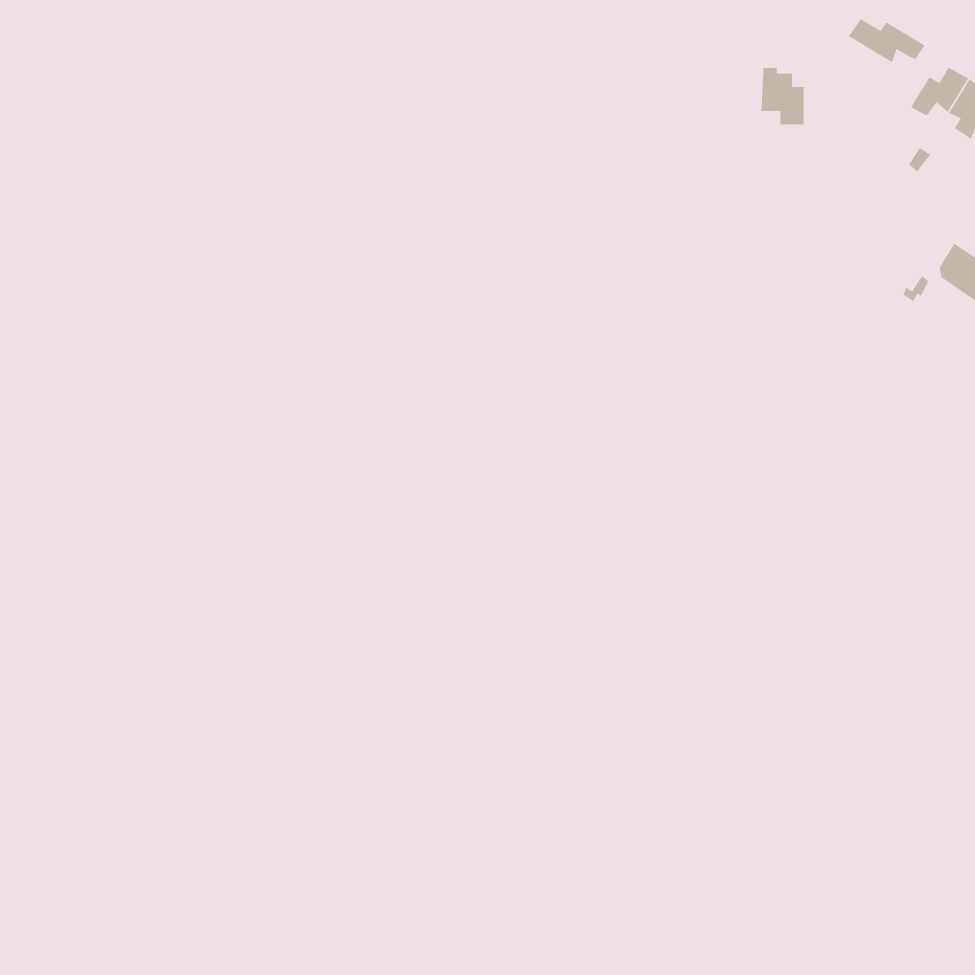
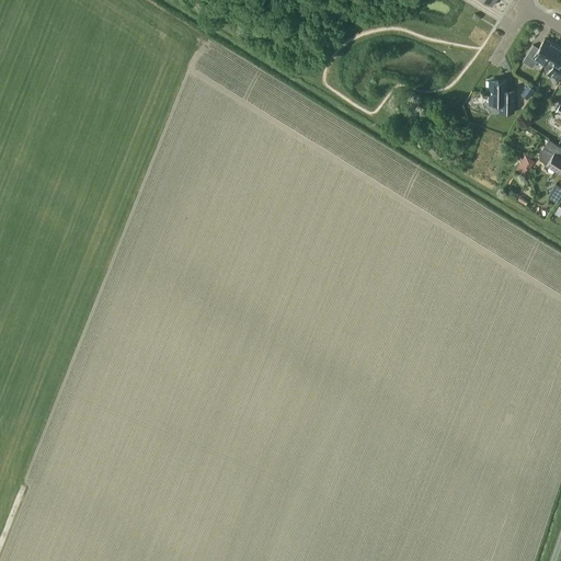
building: [848,18,926,63] -> none
building: [760,67,804,125] -> [489,80,514,113]

